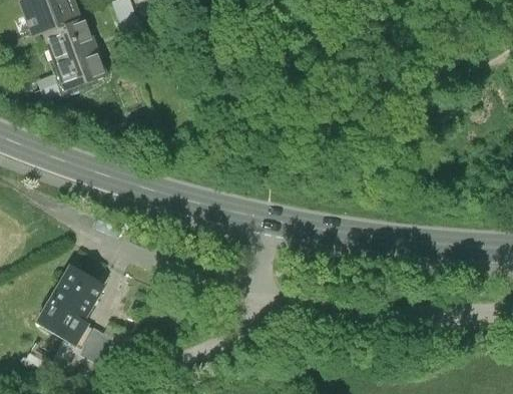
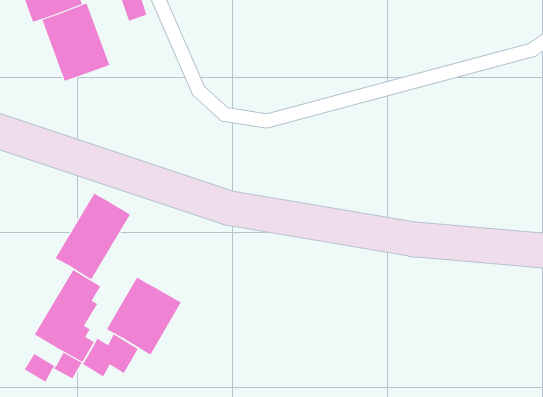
building: none -> [55,193,131,280]
building: none -> [106,277,182,355]

